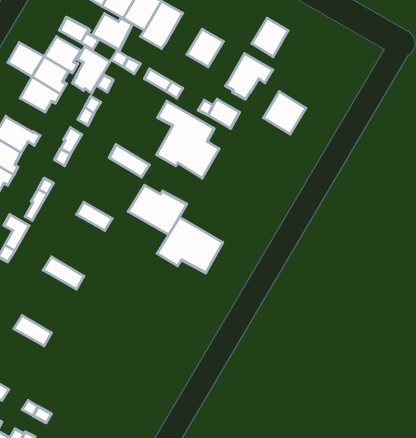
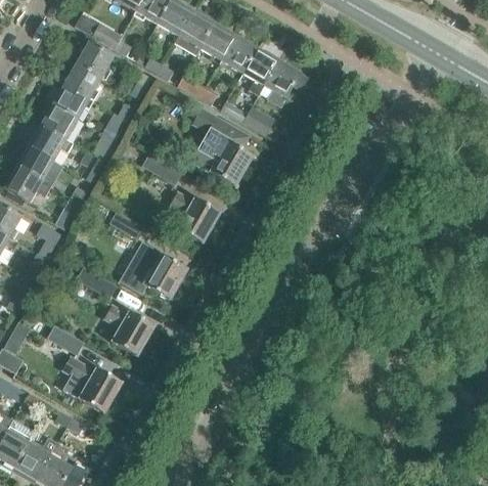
building: [92,13,132,50] -> none
building: none -> [199,21,236,60]
building: [252,18,288,57] -> [242,47,279,86]
building: [8,42,44,77] -> [41,104,78,139]
building: [72,47,110,93] -> none
building: [264,92,306,134] -> none
building: [157,217,223,273] -> [121,242,187,299]
building: none -> [104,305,154,355]
building: none -> [63,355,122,411]

